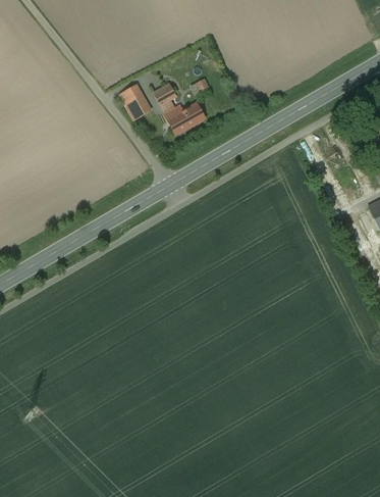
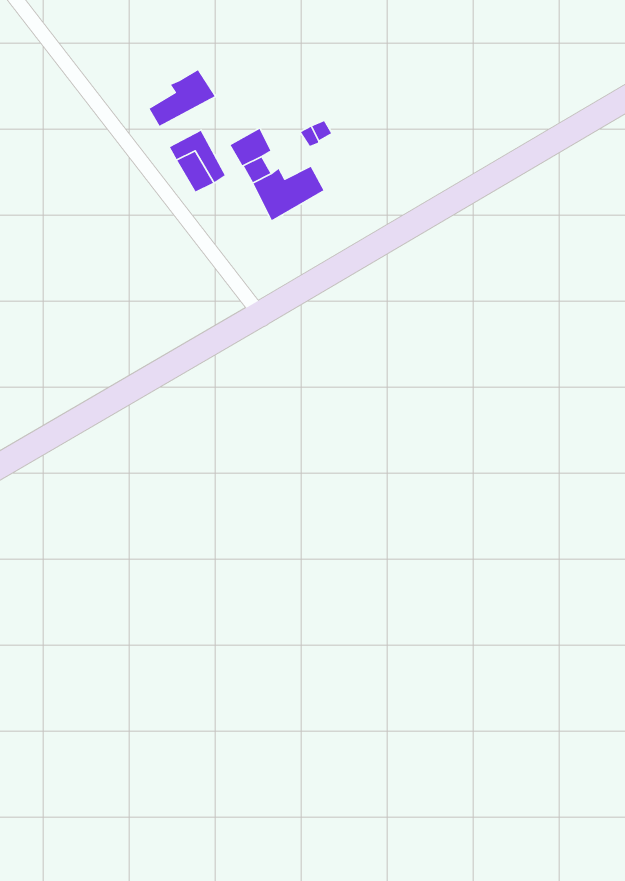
building: none -> [148,69,216,127]

